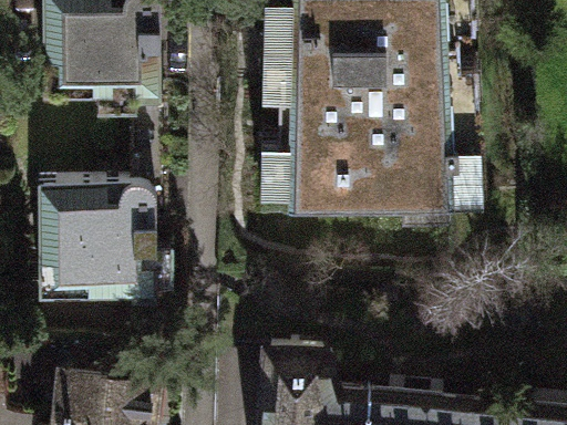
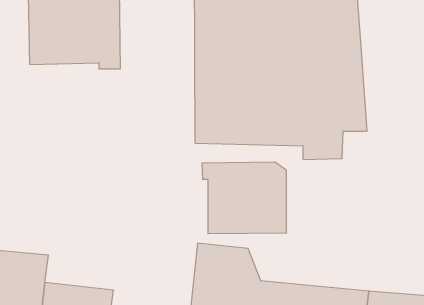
building: [37,186,156,307] -> none
building: none -> [202,162,286,234]

